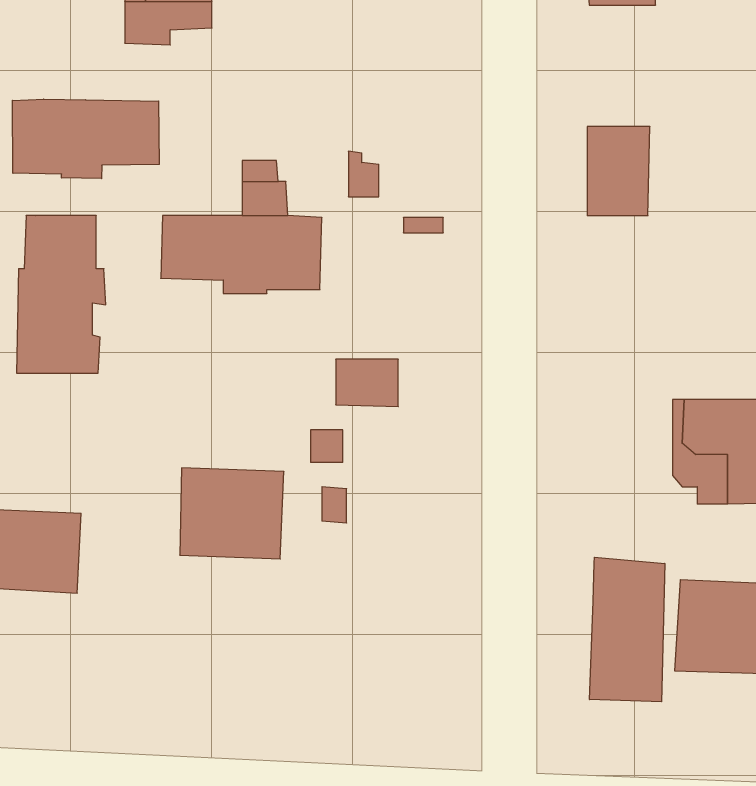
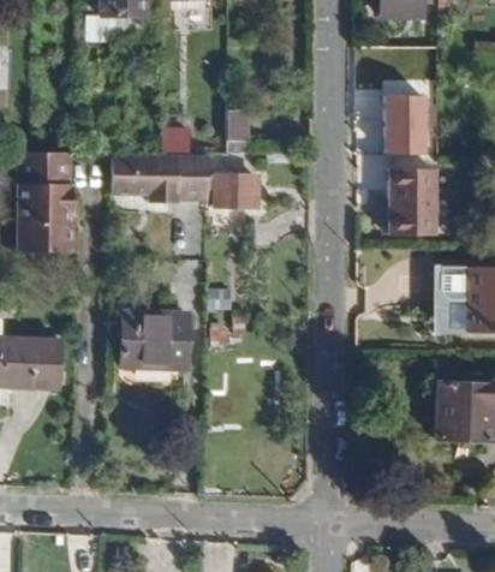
building: [12,99,159,179] -> none
building: none -> [389,169,435,236]
building: [336,359,398,407] -> [219,177,258,207]
building: [590,557,665,702] -> none

